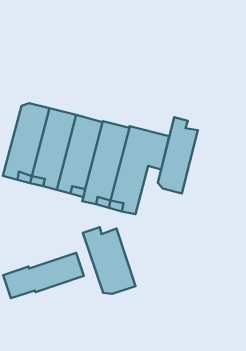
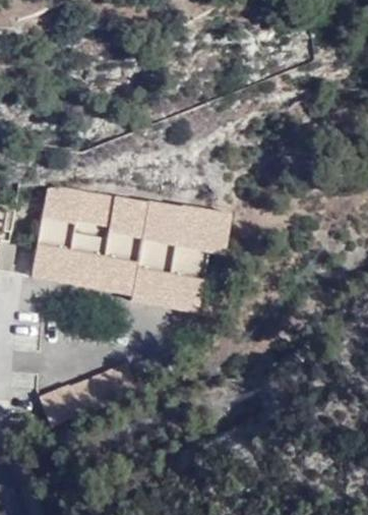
building: [158,117,198,193] -> none
building: [83,227,135,294] -> none

